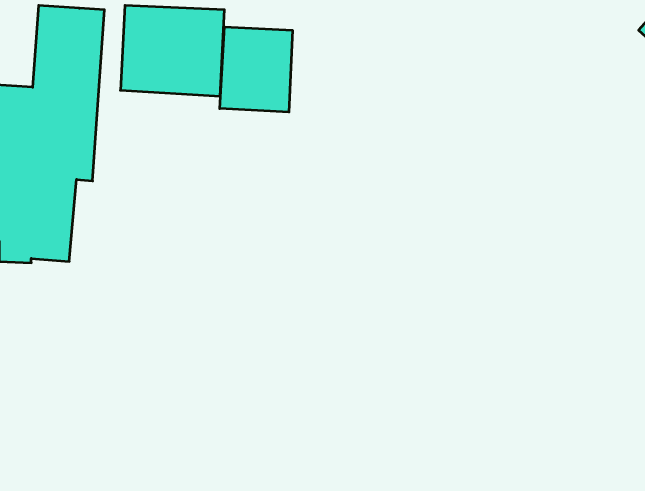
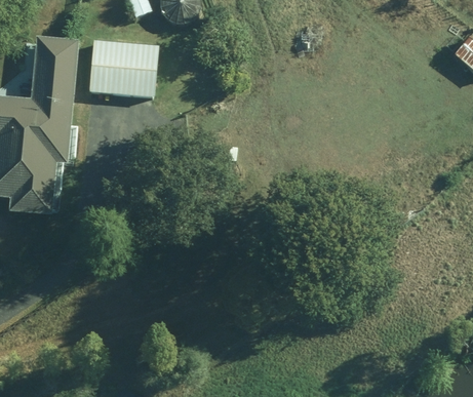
building: [220,27,292,112] -> none

